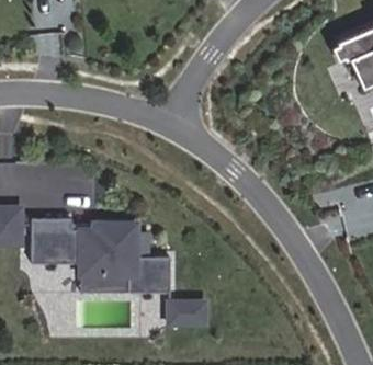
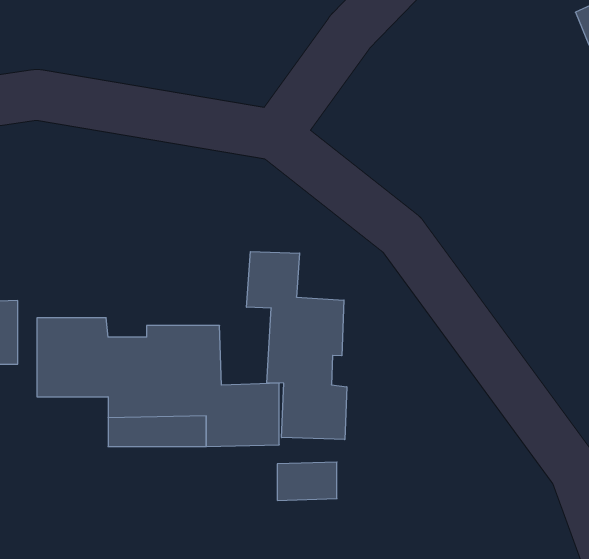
building: none -> [247,252,347,440]

